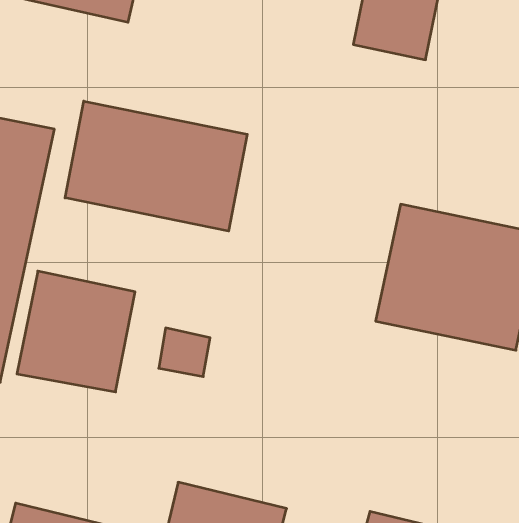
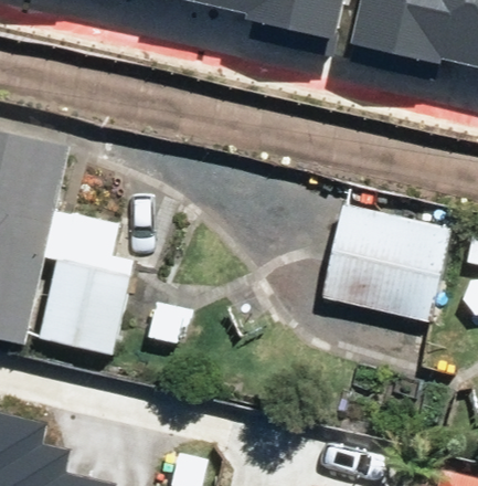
building: [65,101,247,231] -> none

